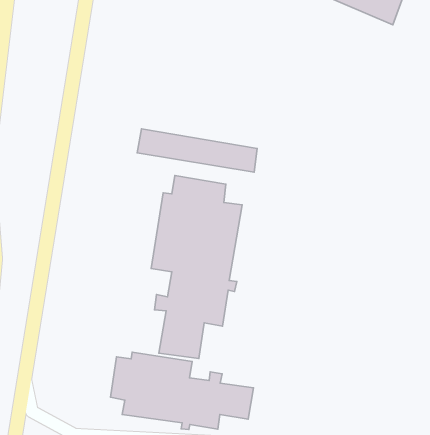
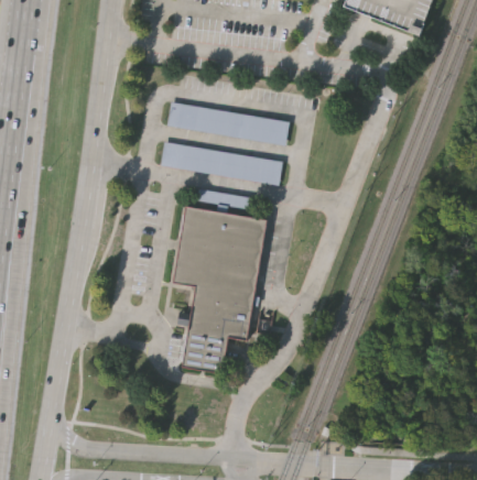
building: none -> [166,102,289,145]
building: [111,352,254,430] -> none

